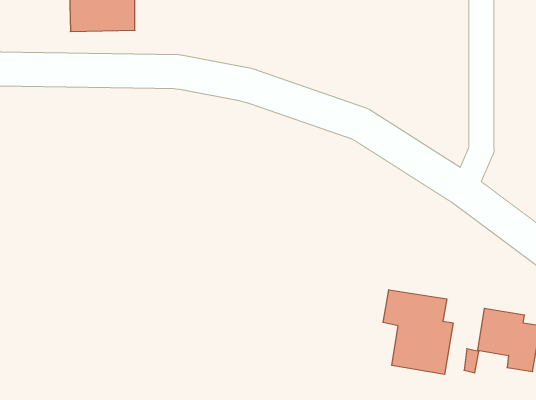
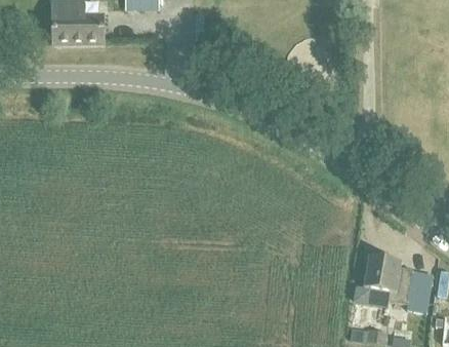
building: [383,290,453,374] -> none

